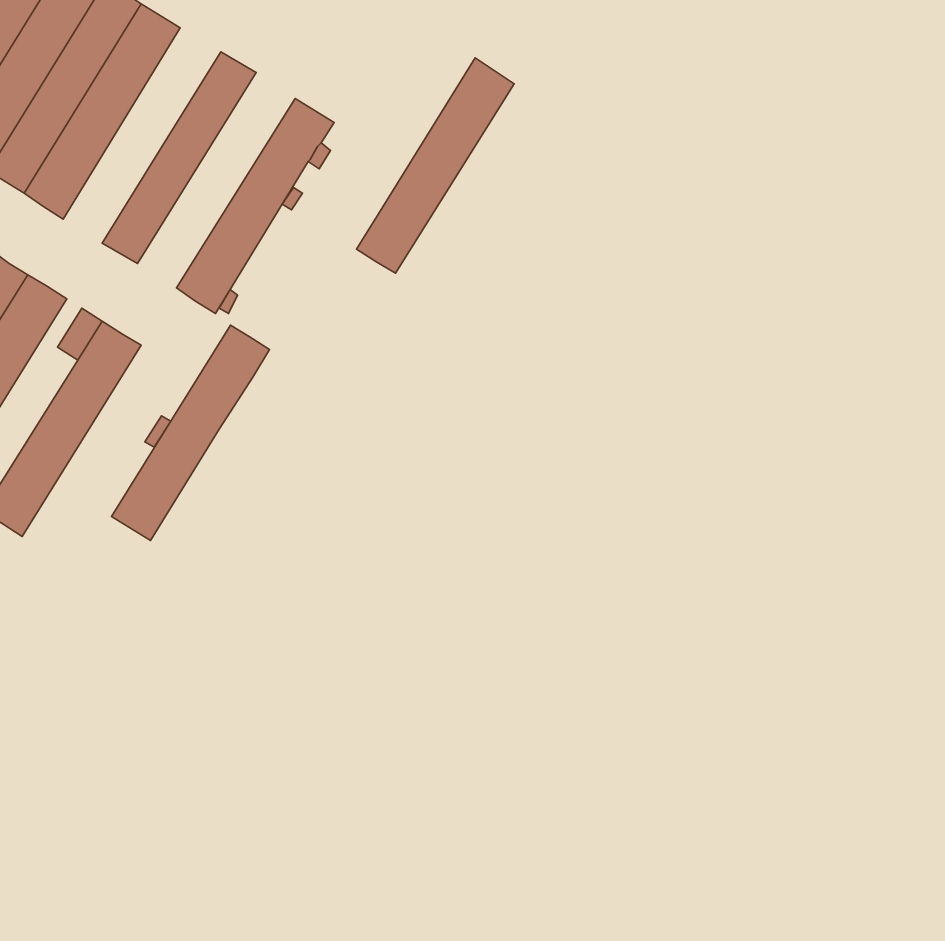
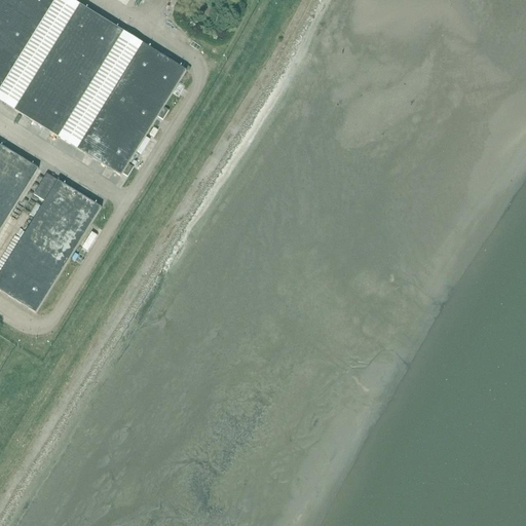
building: none -> [35,15,122,135]
building: [356,58,514,273] -> [76,40,163,159]
building: [112,325,269,541] -> [12,191,100,310]

